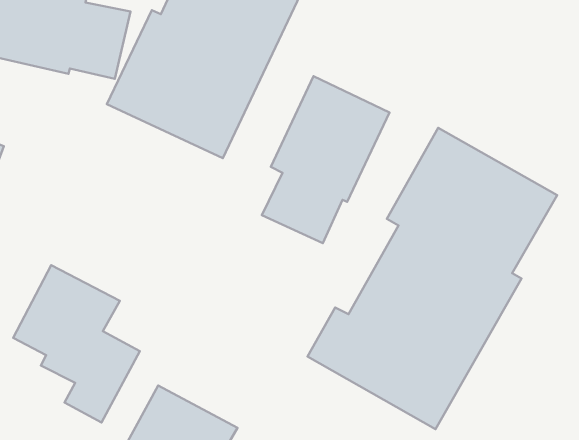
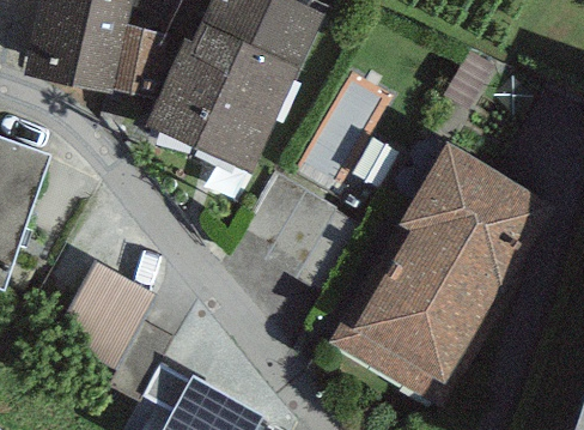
building: [262,76,389,243] -> none

